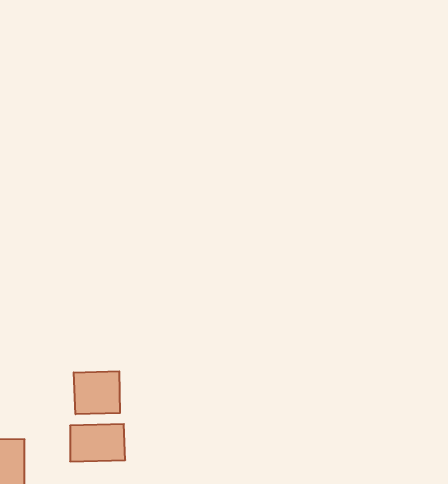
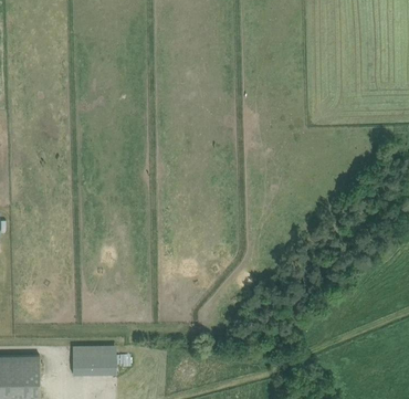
building: [74,371,120,414] -> none

